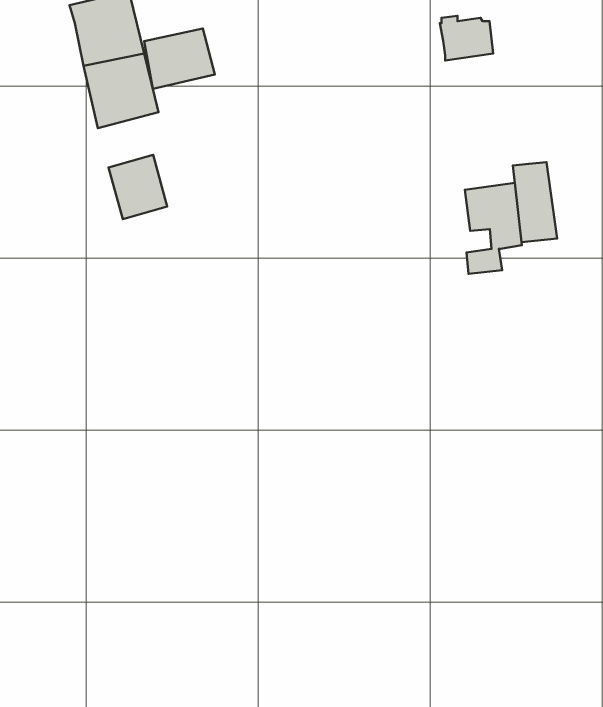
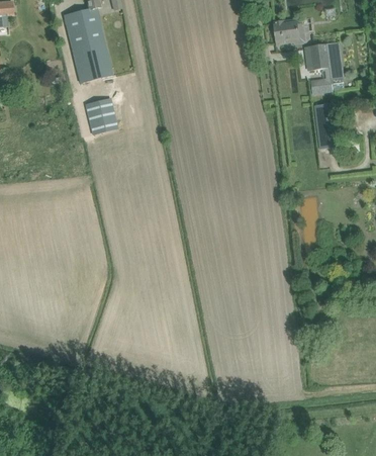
building: [144,28,215,89] -> none
building: [465,183,522,274] -> [310,41,343,93]

